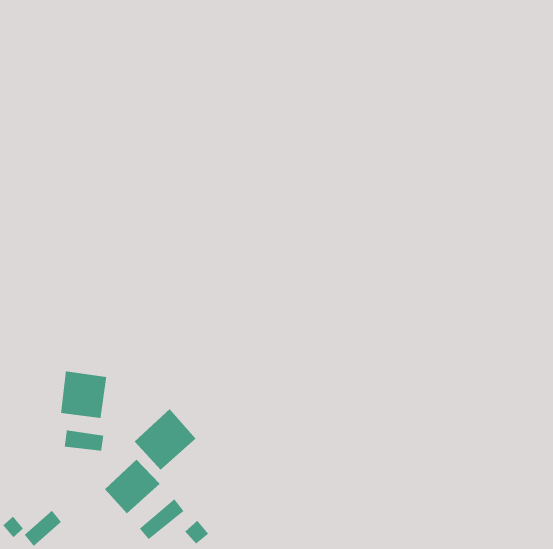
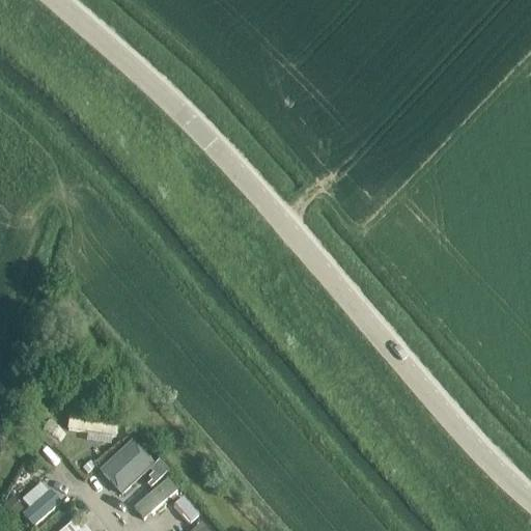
building: [60,370,107,419] -> none
building: [134,408,196,471] -> none

